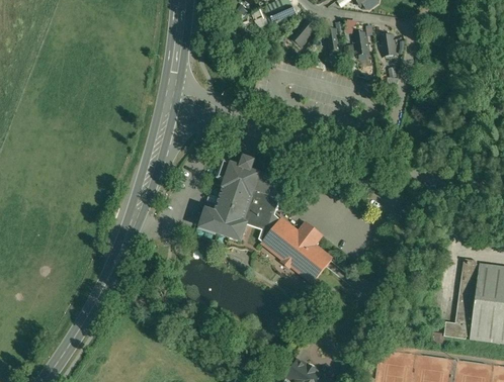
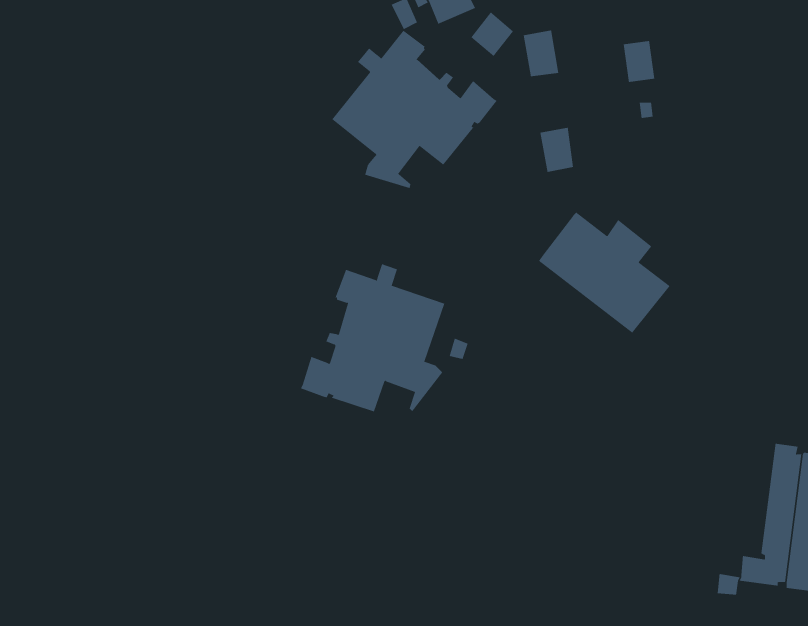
building: none -> [332,30,498,189]
building: [351,30,370,56] -> [539,127,574,172]
building: [259,216,333,284] -> [538,212,670,333]

